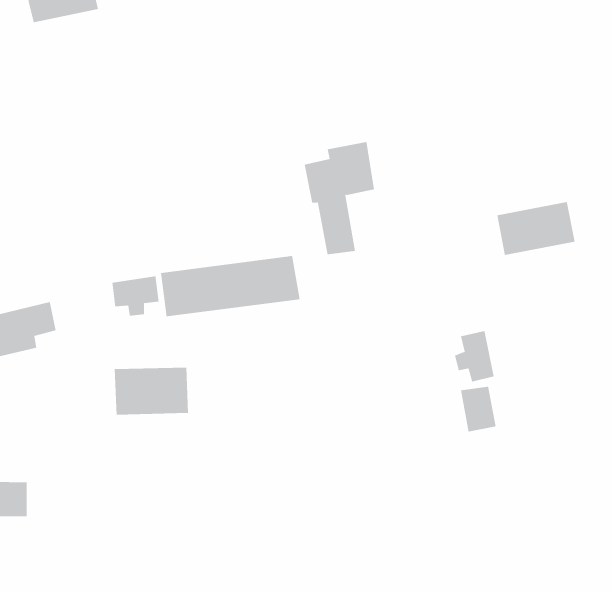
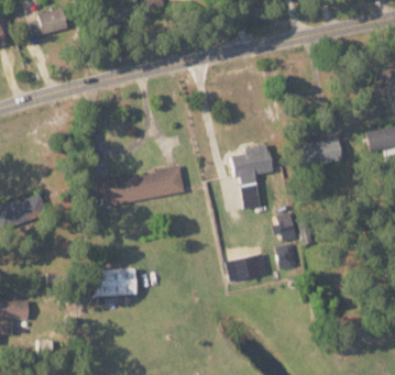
building: [304,141,375,255] -> [231,143,272,208]
building: [112,275,159,316] -> none
building: [114,367,189,415] -> [94,267,136,295]

